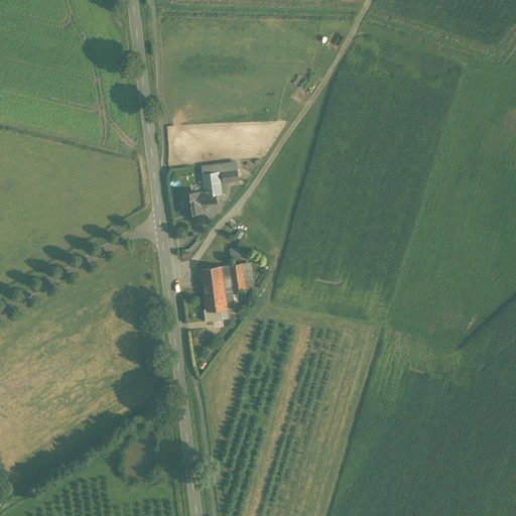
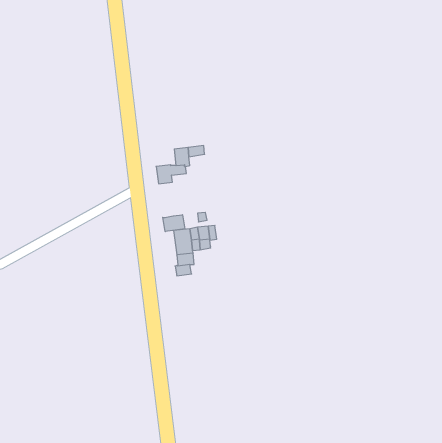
building: none -> [163,215,185,232]

